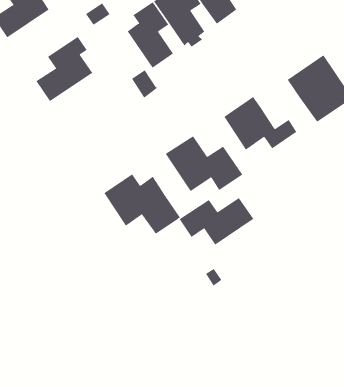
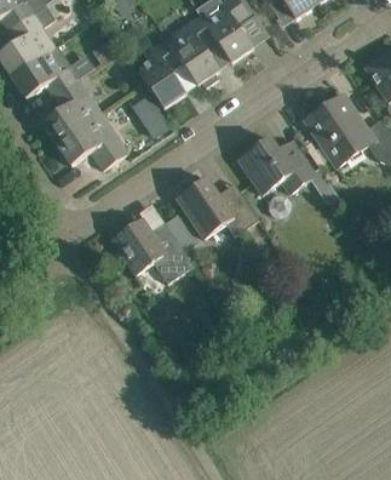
building: none -> [10,44,85,98]
building: none -> [54,113,127,168]
building: [179,197,254,245] -> none

